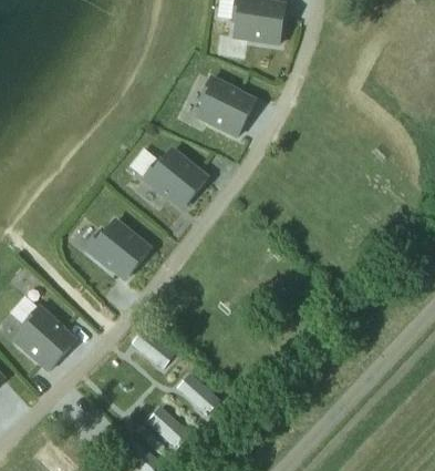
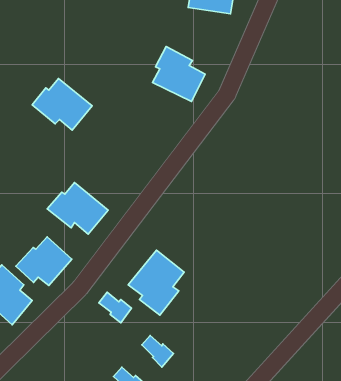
building: [144,149,207,203] -> [32,78,92,130]
building: none -> [16,237,72,286]
building: none -> [128,250,184,315]

